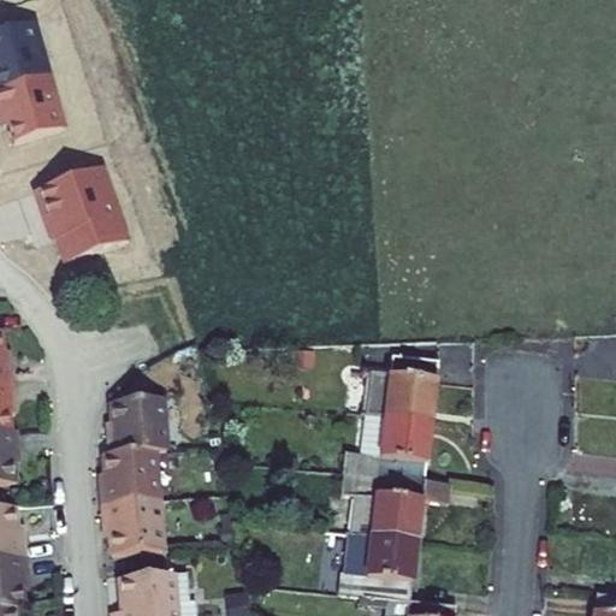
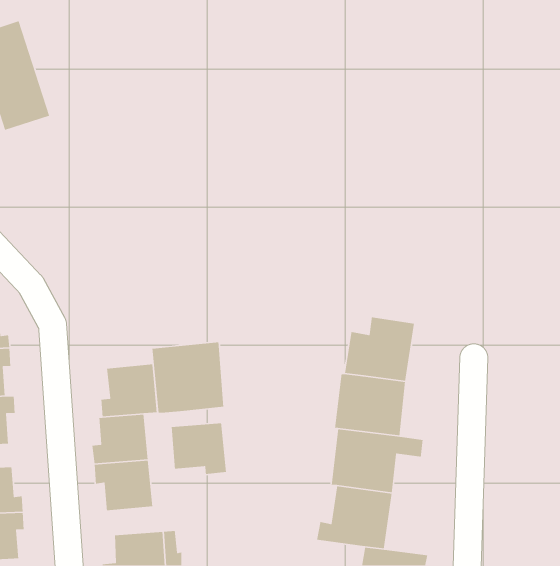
building: [28,167,117,262] -> none
building: none -> [152,342,224,413]
building: none -> [171,422,227,475]

